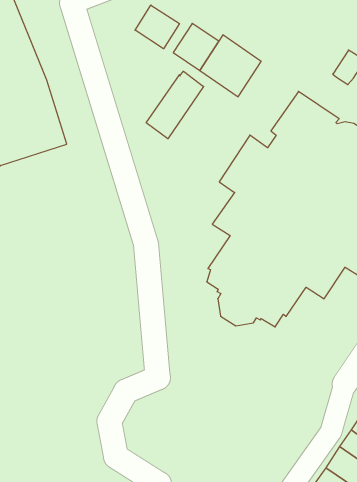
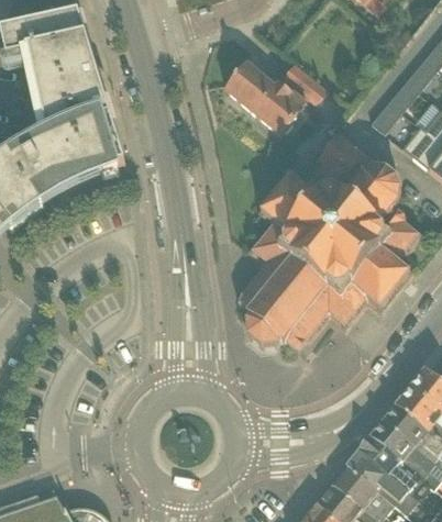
building: [135,5,179,49] -> none
building: none -> [283,62,328,103]
building: [146,71,204,139] -> none

